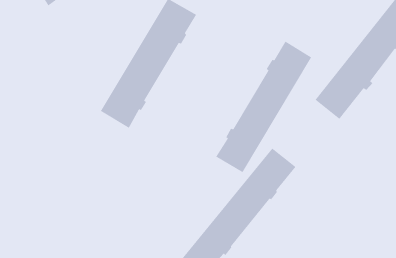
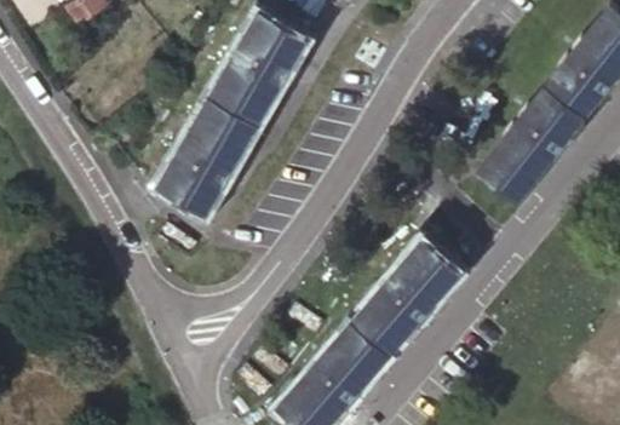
building: [215,40,312,173] -> none

